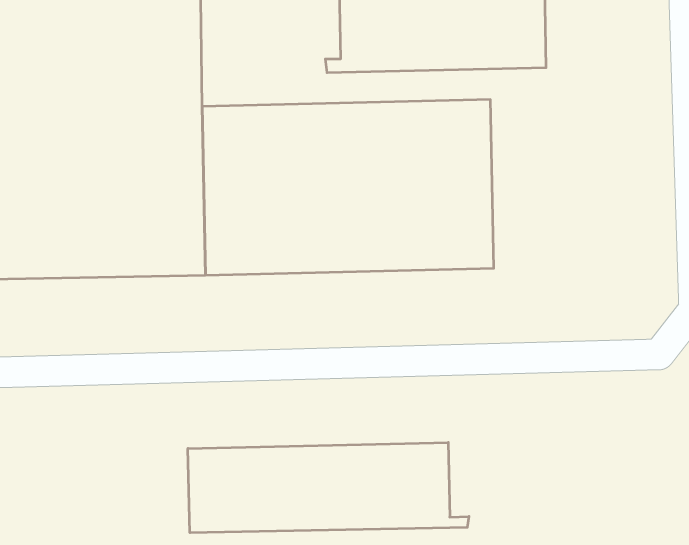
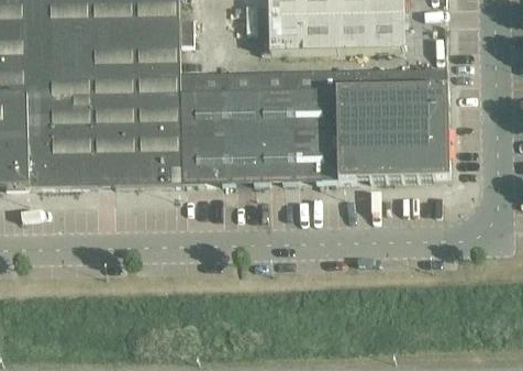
building: none -> [366,68,448,179]
building: [188,442,469,533] -> none

